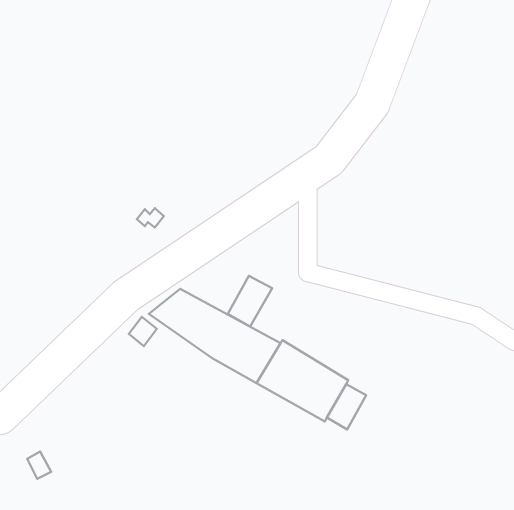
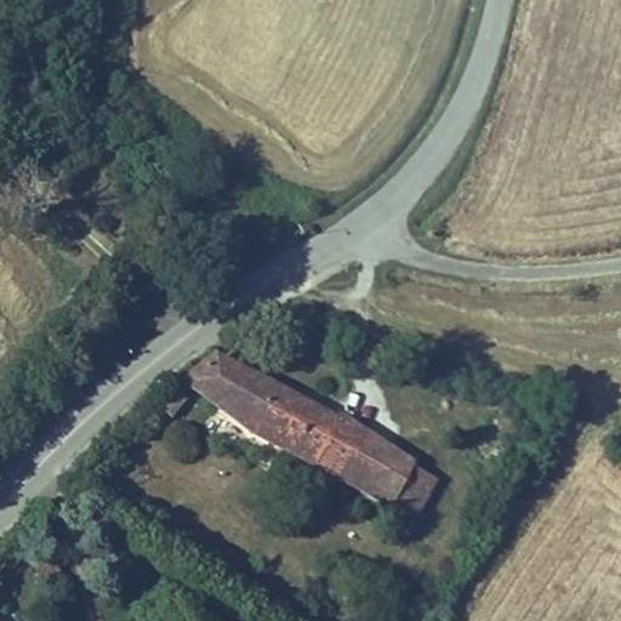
building: [228,276,272,327] -> none

